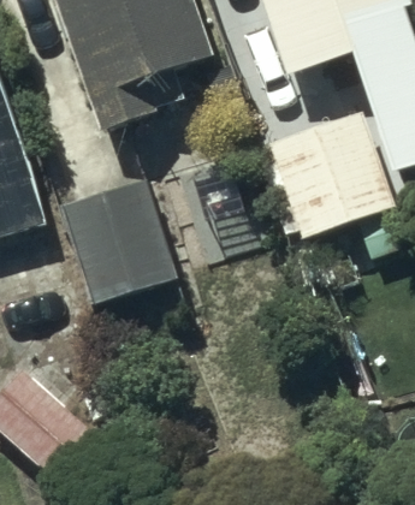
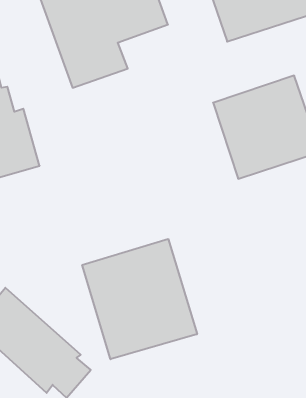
building: [60,183,178,304] -> none
building: none -> [82,239,197,359]

